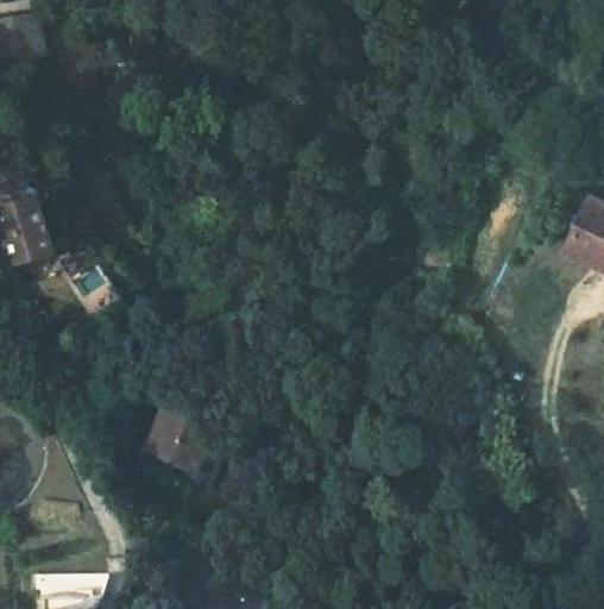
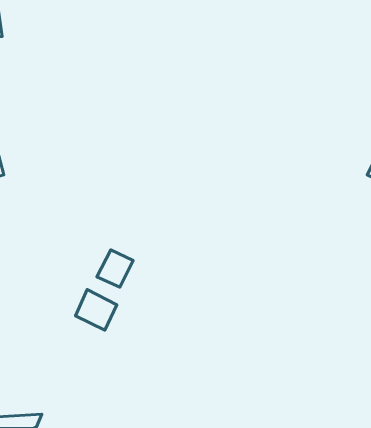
building: none -> [97,250,133,287]

